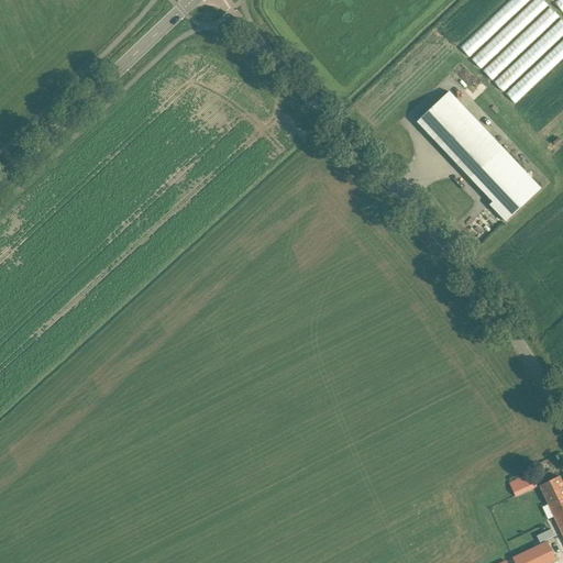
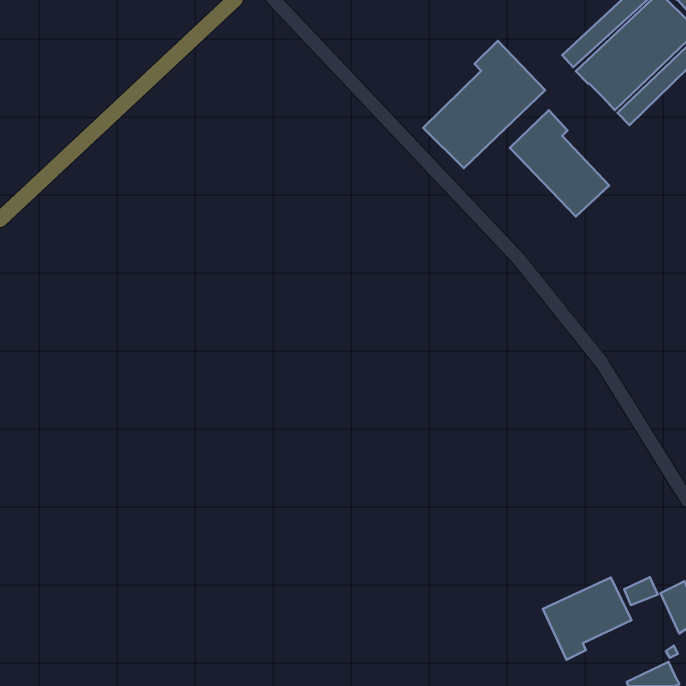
building: none -> [423,41,545,168]
building: [472,147,541,220] -> none
building: none -> [543,577,631,660]

